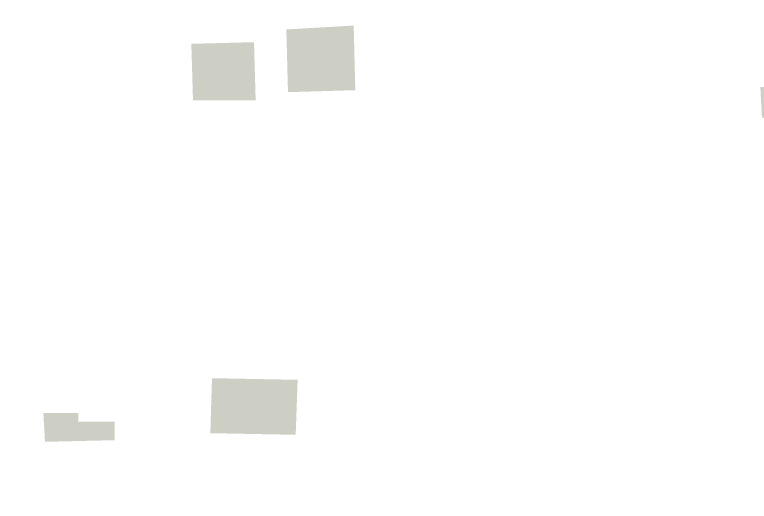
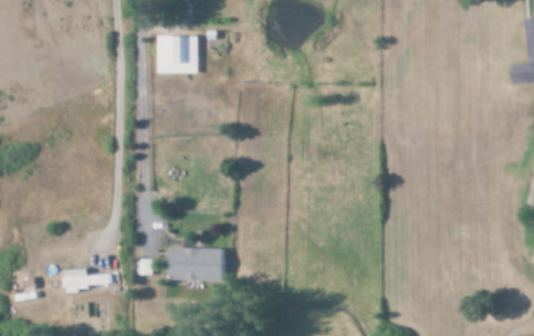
building: [286,25,356,93] -> none

